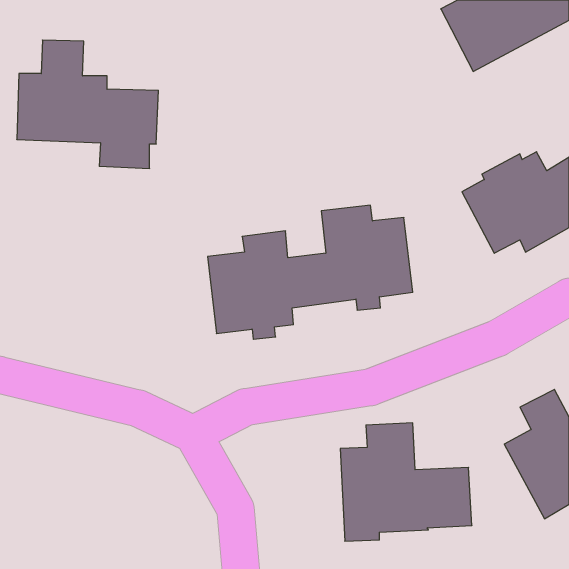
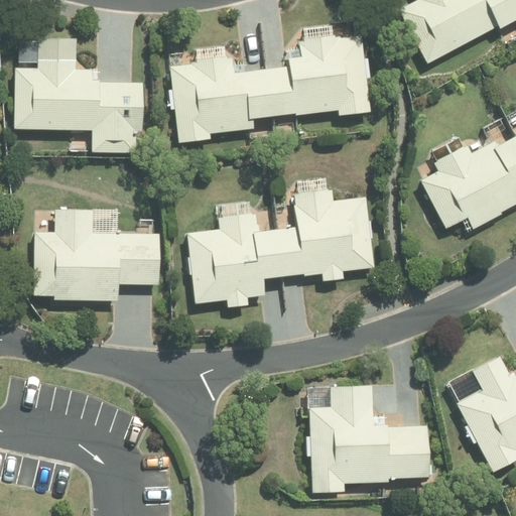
building: none -> [171,33,370,142]
building: none -> [32,208,159,299]

